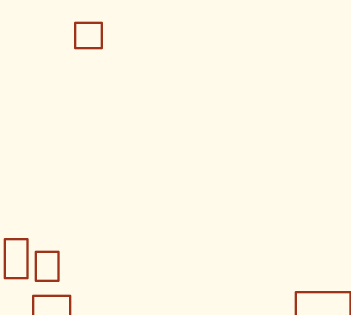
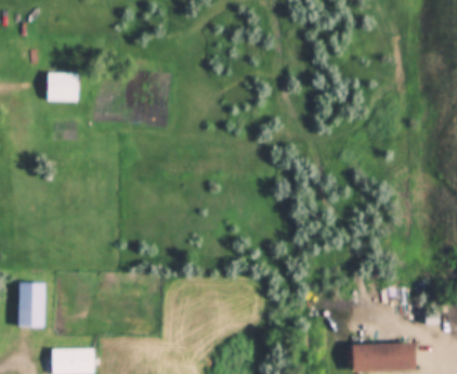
building: [75,23,102,48] -> [48,73,78,102]
building: [36,252,59,281] -> none

